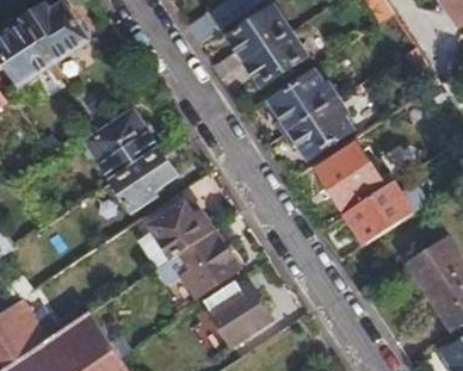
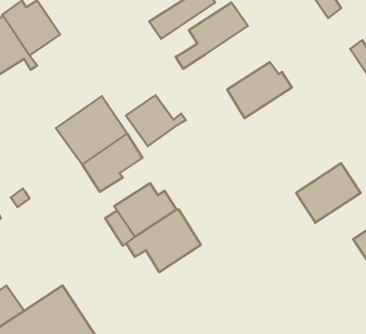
building: [245,31,309,88] -> none
building: [288,98,356,161] -> none
building: none -> [126,95,186,146]
building: [314,141,383,209] -> none
building: [208,284,279,347] -> none

